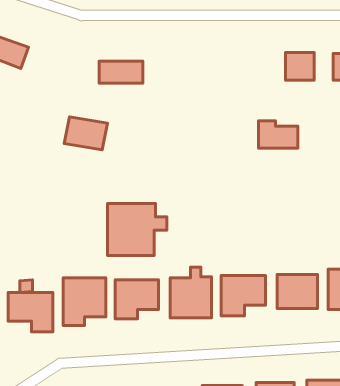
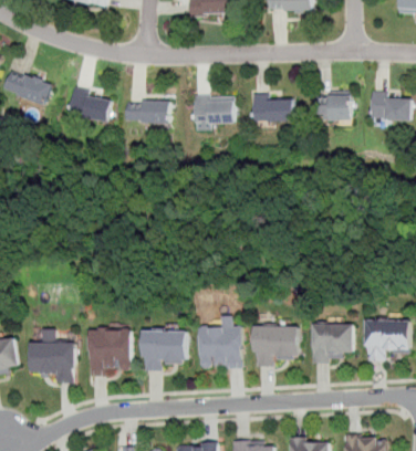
building: none -> [193,95,232,130]
building: [64,117,108,150] -> [66,90,112,124]
building: [259,121,298,148] -> [251,93,292,122]
building: [107,204,167,255] -> none

